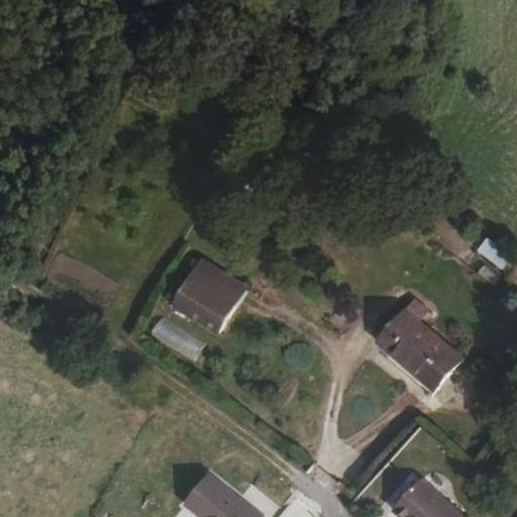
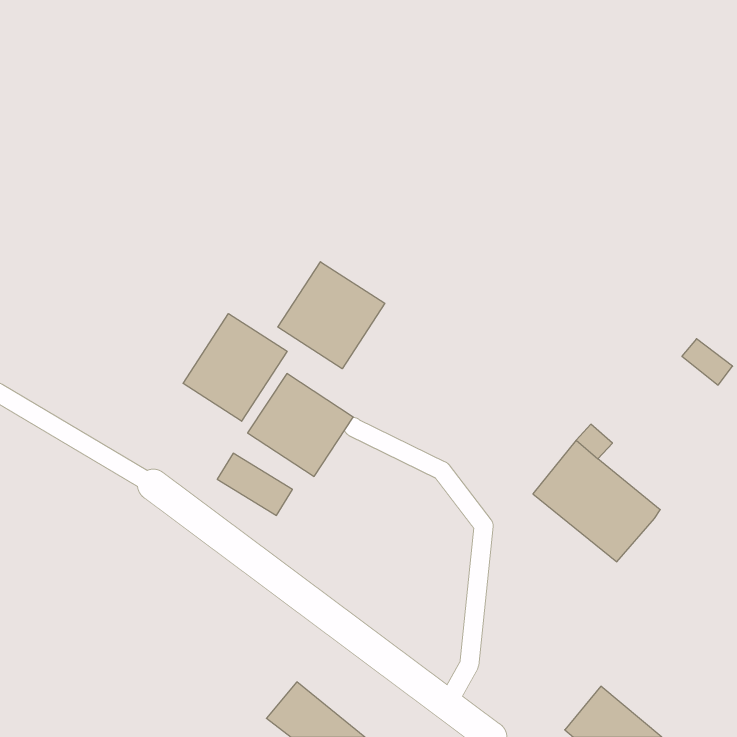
building: none -> [278,262,385,369]
building: none -> [183,314,287,421]

